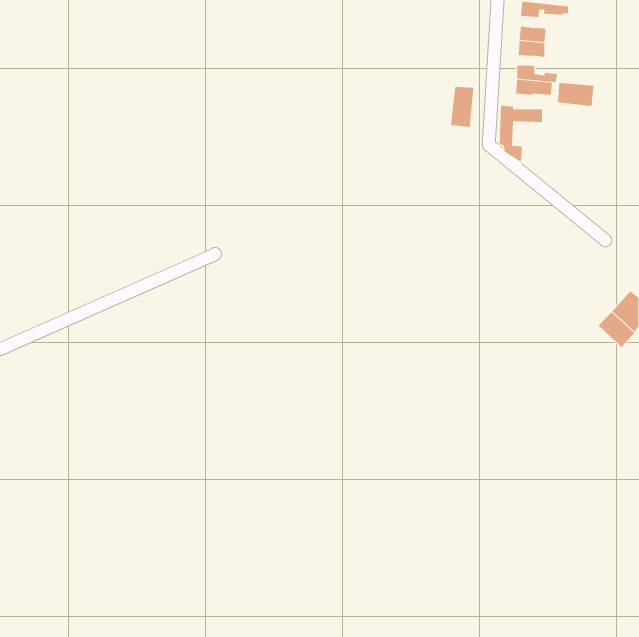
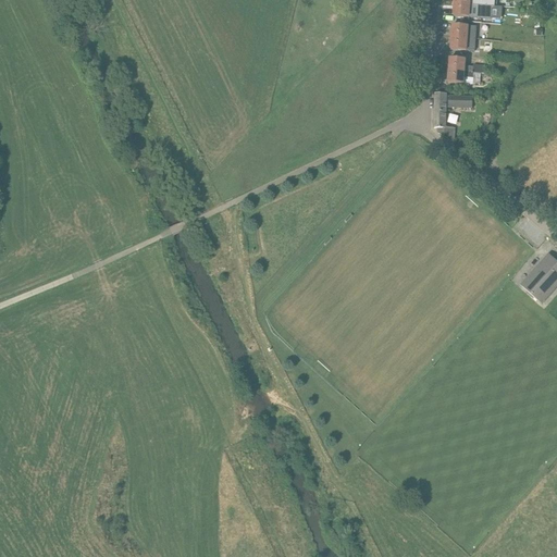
building: [558,82,594,107] -> none
building: [450,86,474,128] -> none

